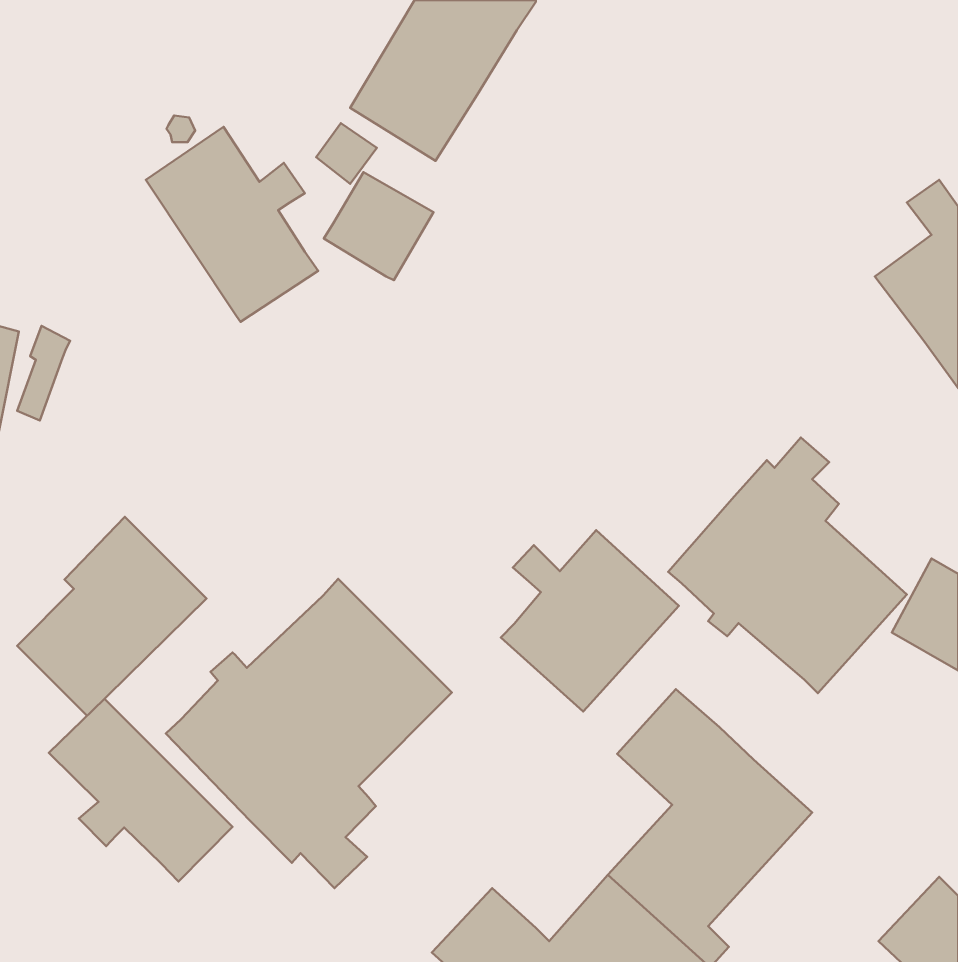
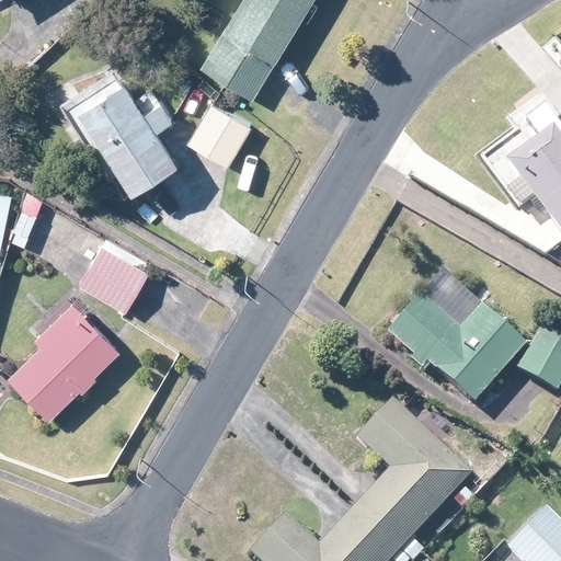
building: none -> [80,245,148,310]
building: [501,530,679,712] -> none
building: [166,579,452,888] -> none
building: [49,699,233,881] -> none

